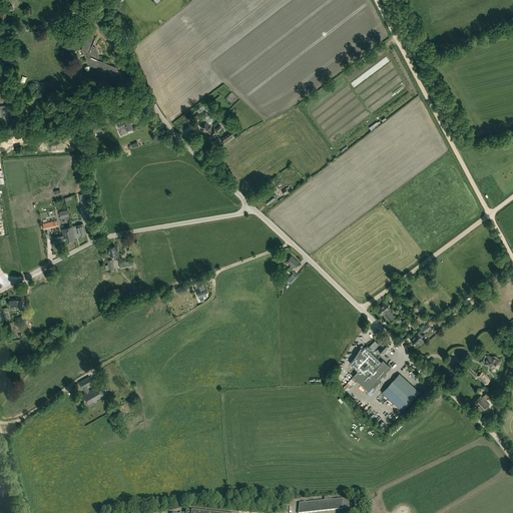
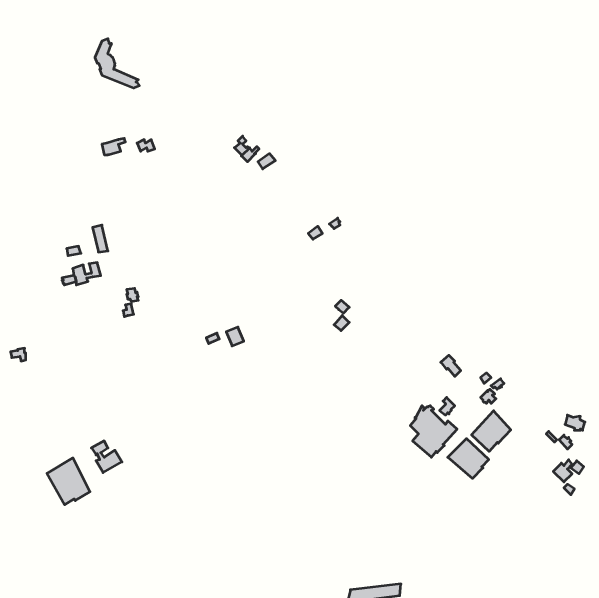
building: none -> [472,411,511,451]
building: none -> [47,458,90,505]

